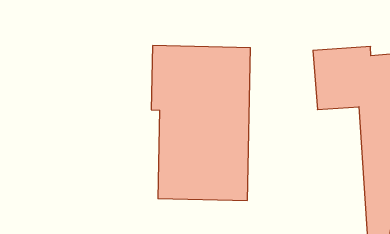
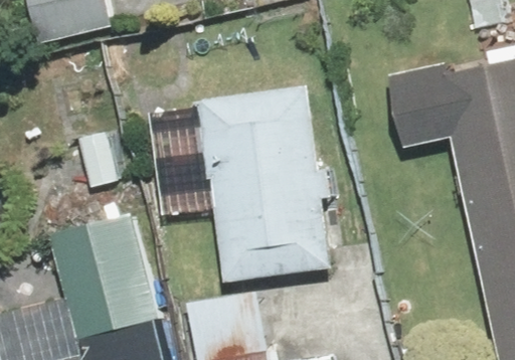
building: none -> [48,209,160,341]

